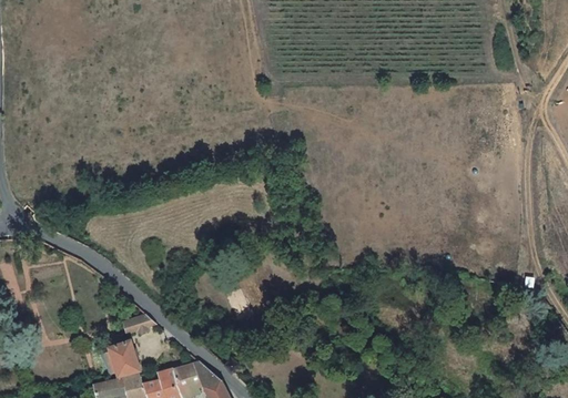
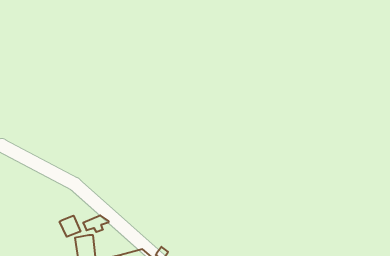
building: none -> [60,216,80,237]

